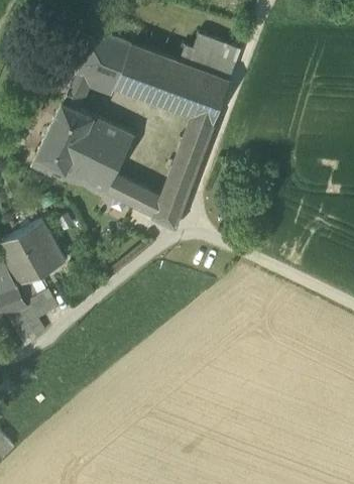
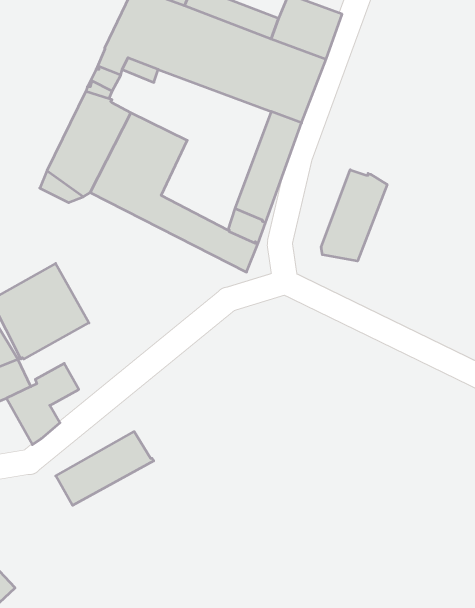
building: none -> [321,170,387,261]
building: none -> [56,432,154,505]

